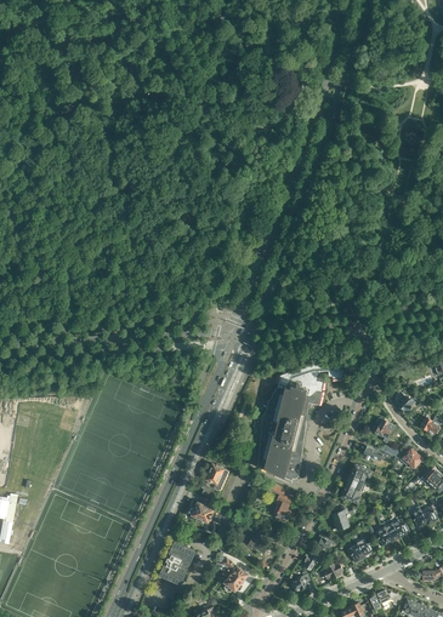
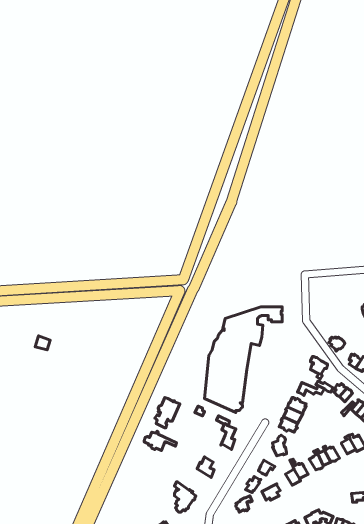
building: [160,543,195,585] -> none

